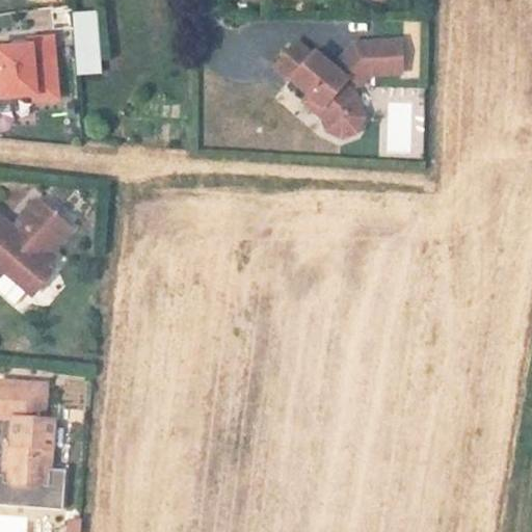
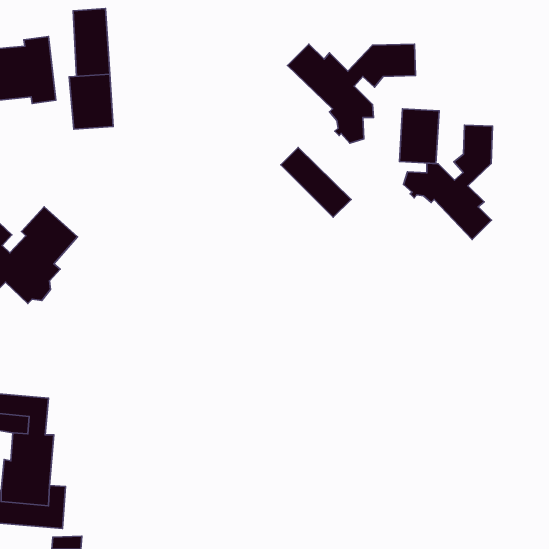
building: none -> [69,74,113,129]
building: none -> [404,125,492,239]
building: none -> [281,148,351,217]

